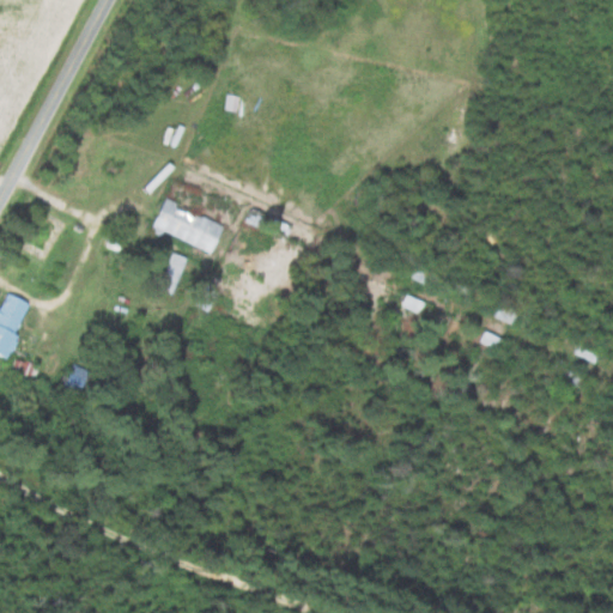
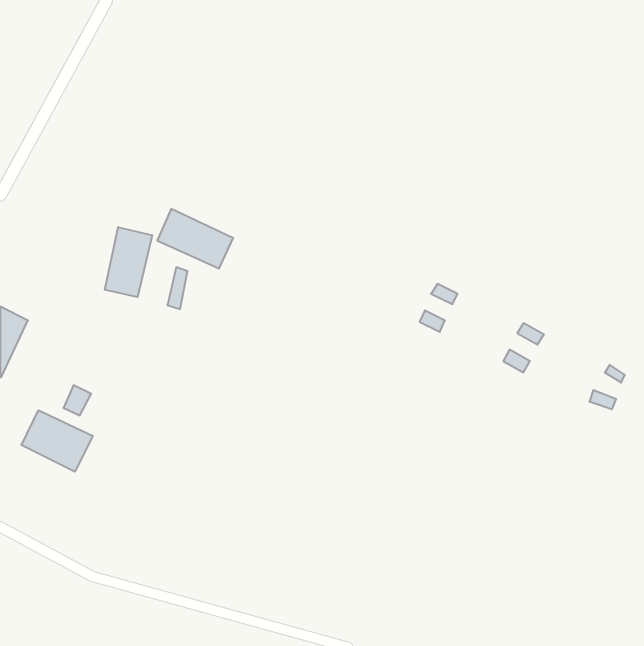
building: none -> [105,227,152,297]
building: none -> [21,410,93,472]

